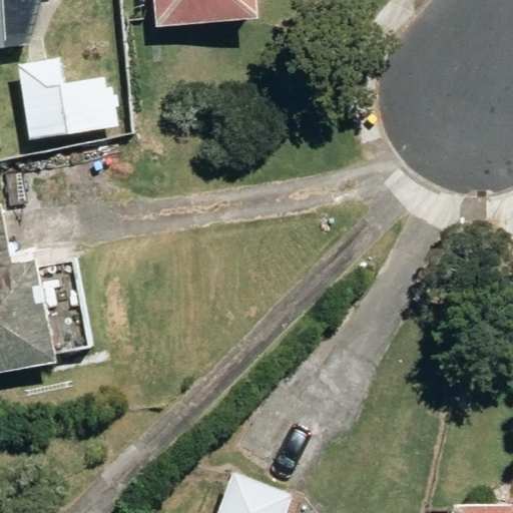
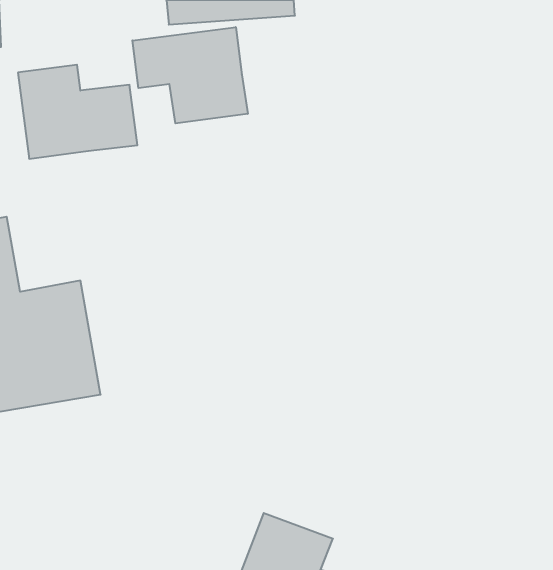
building: none -> [132,27,248,123]

